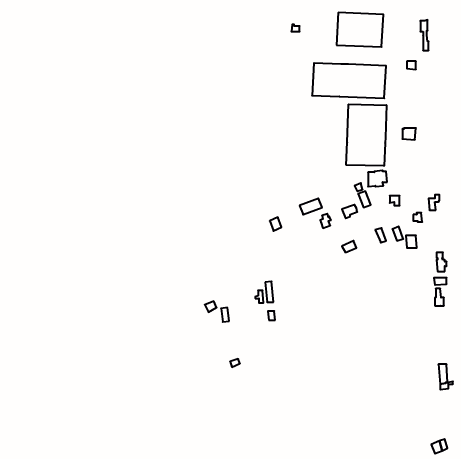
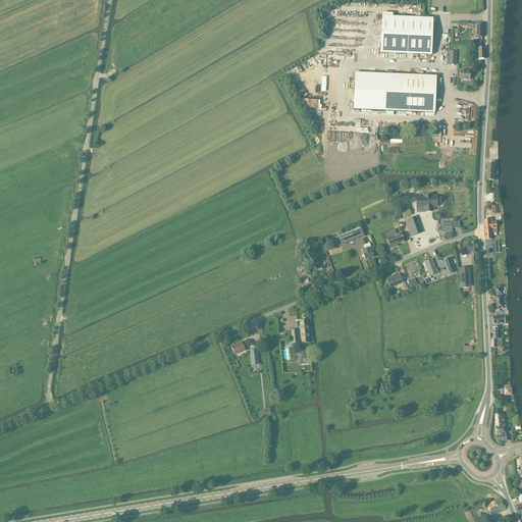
building: [346,104,386,166] -> none

